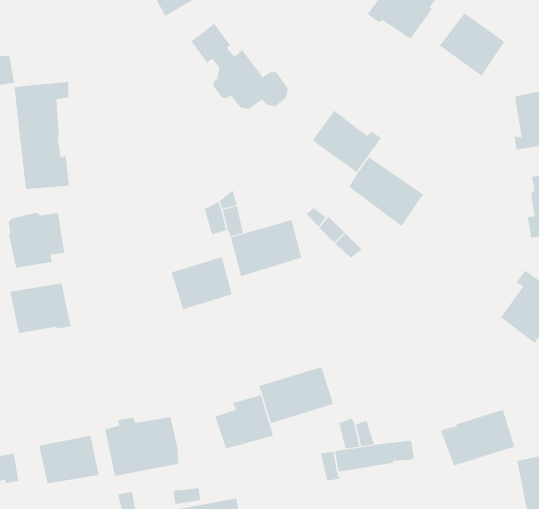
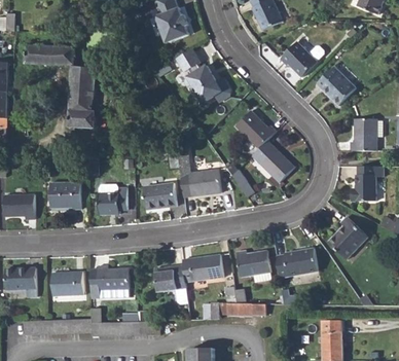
building: [8,212,65,268] -> [96,183,126,213]
building: none -> [235,250,269,277]
building: [440,409,515,466] -> [276,251,317,279]

